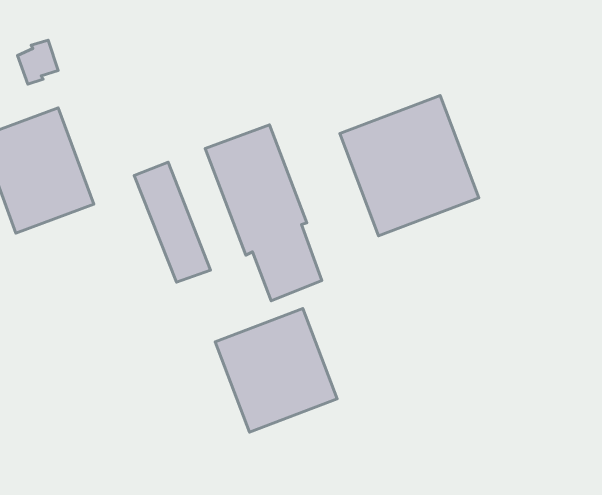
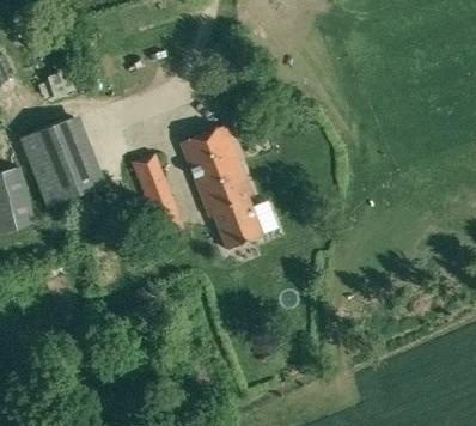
building: [340,96,479,236] -> none
building: [215,309,337,432] -> none

